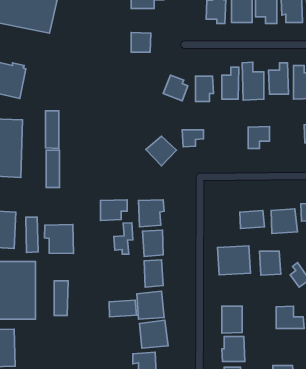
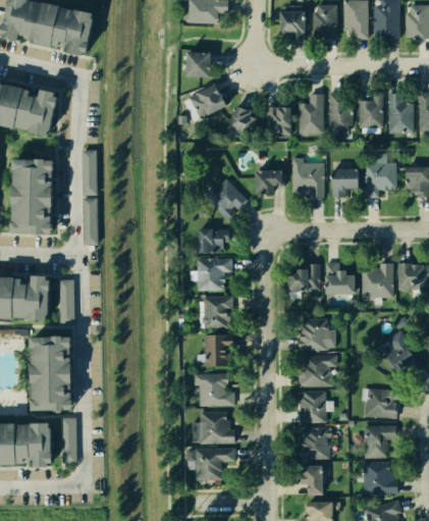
building: none -> [187,83,226,117]
building: none -> [292,158,324,199]
building: none -> [366,165,397,200]
building: [101,200,127,220] -> [197,227,229,253]
building: none -> [285,263,320,291]
building: [114,223,133,254] -> none
building: [45,224,73,254] -> none
building: [259,251,281,275] -> [300,356,326,385]
building: [54,281,68,315] -> [60,421,77,464]
building: [109,300,136,317] -> none
building: none -> [364,425,389,459]

